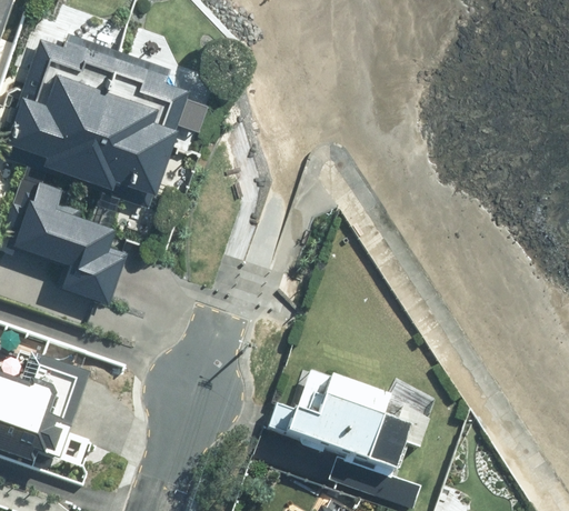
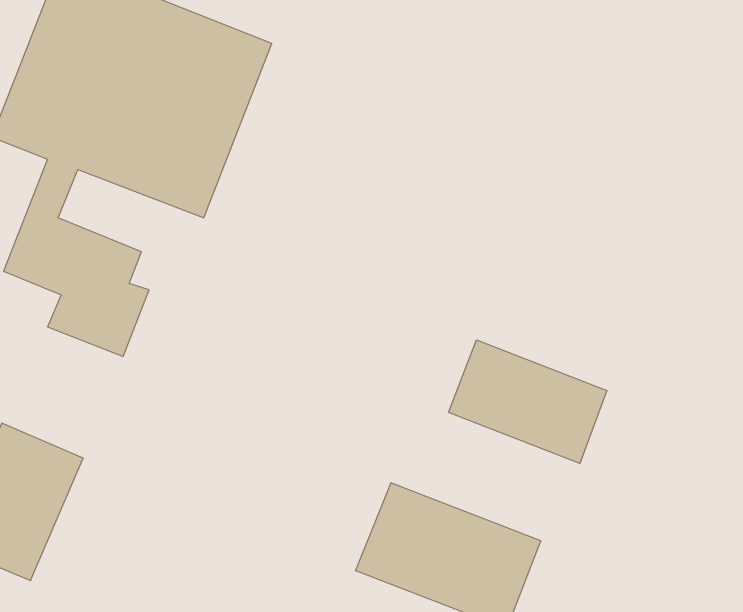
building: none -> [449,340,607,464]

